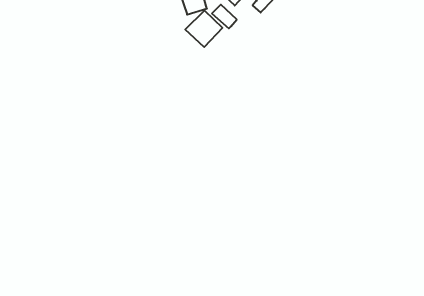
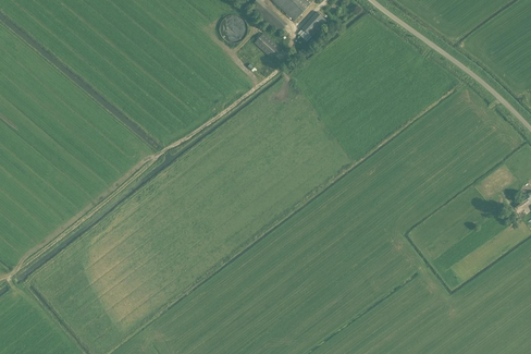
building: [185,11,222,47] -> none

